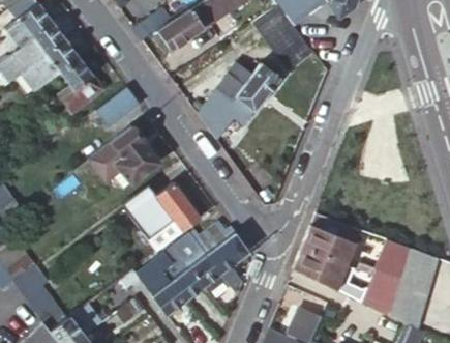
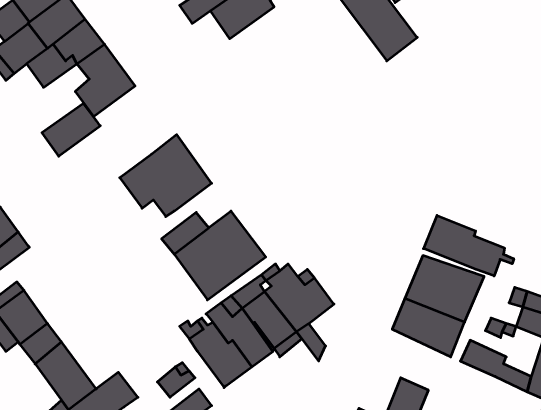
building: [198,63,277,141] -> none
building: [95,87,139,126] -> [42,104,100,156]
building: none -> [423,215,514,276]

